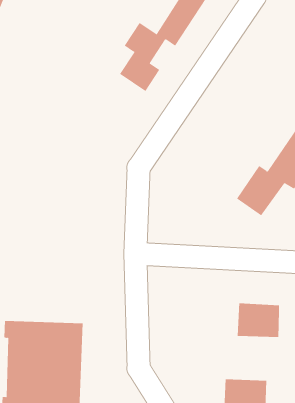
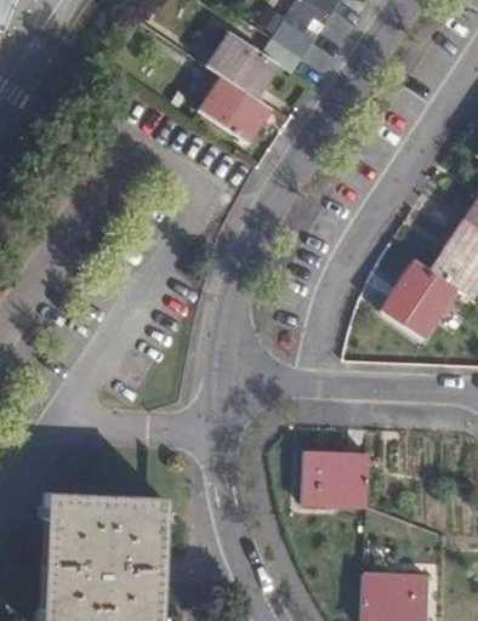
building: [237,303,280,338] -> [305,452,369,505]

